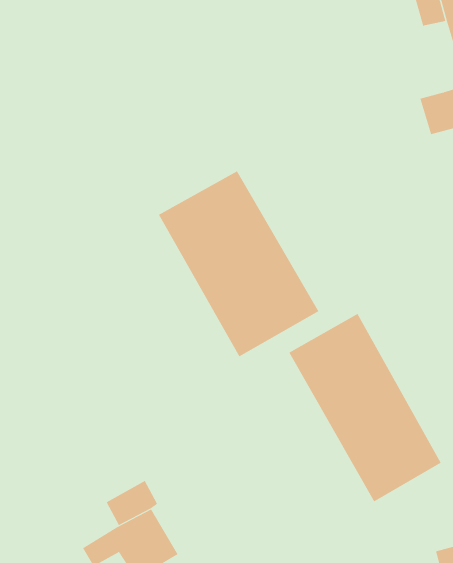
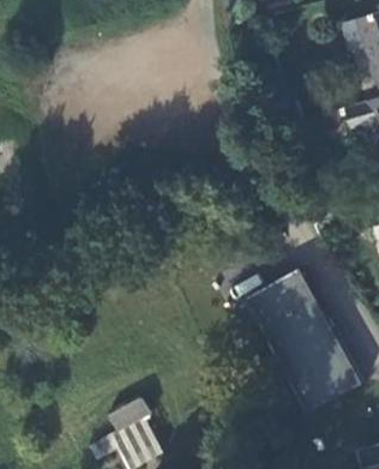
building: [158,170,319,357] -> none

